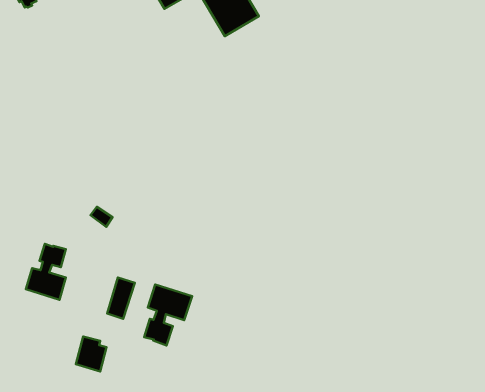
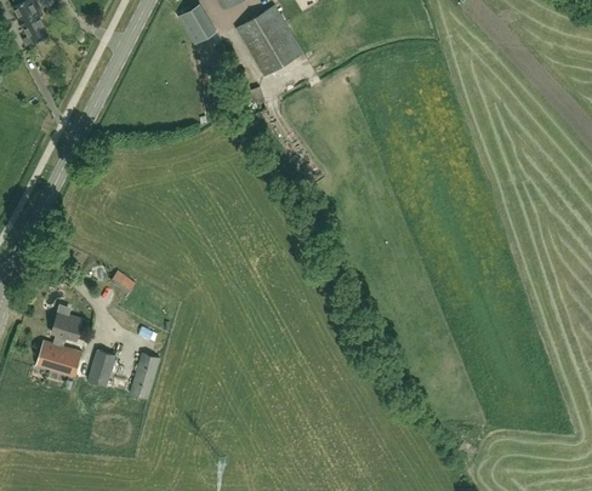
building: [144,285,192,346] -> none
building: [76,337,107,372] -> [87,349,123,389]

